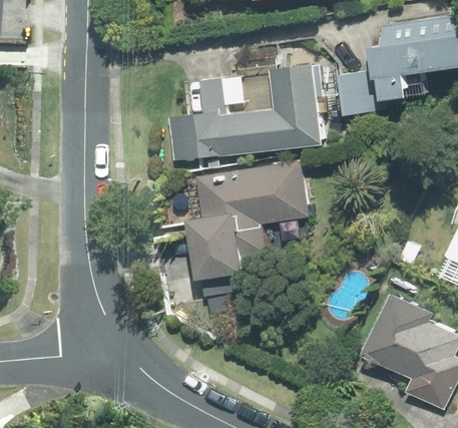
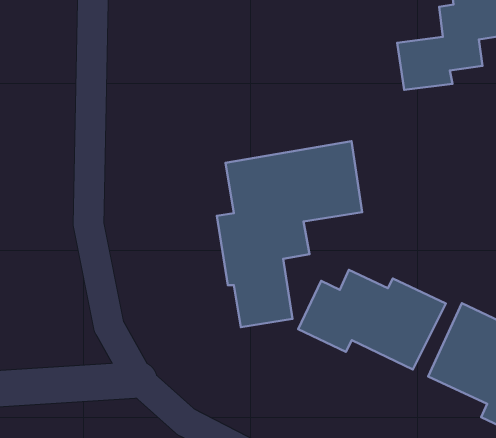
building: [165,65,322,161] -> none
building: none -> [298,270,446,370]

